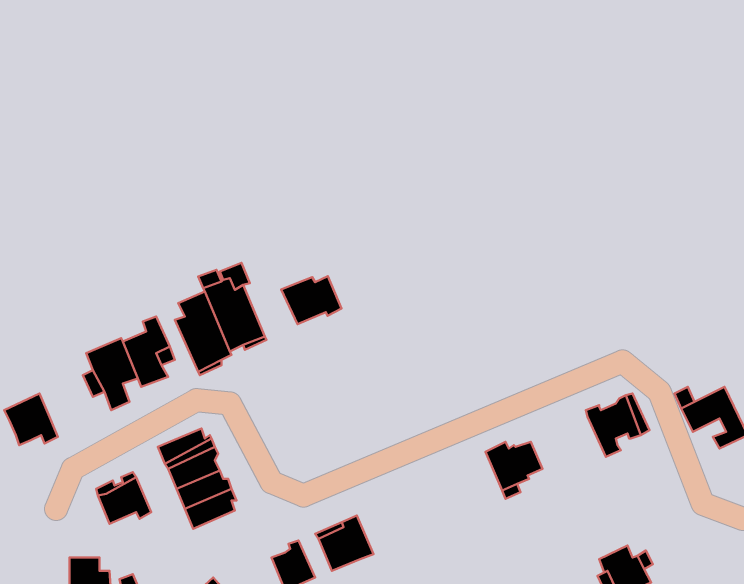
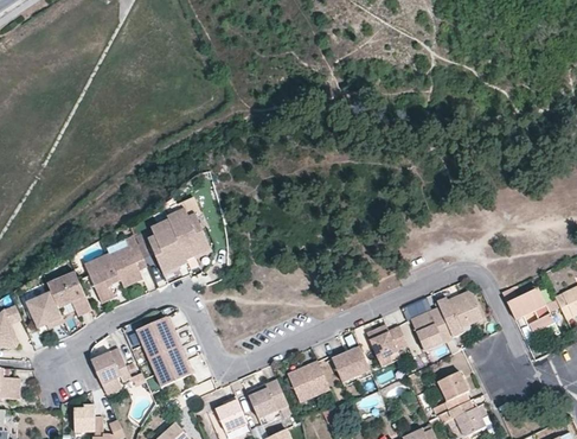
building: [281,276,342,324] -> none
building: none -> [49,273,91,317]
building: none -> [412,308,455,351]
building: none -> [333,348,371,383]
building: none -> [288,360,331,401]
building: none -> [437,371,469,409]

